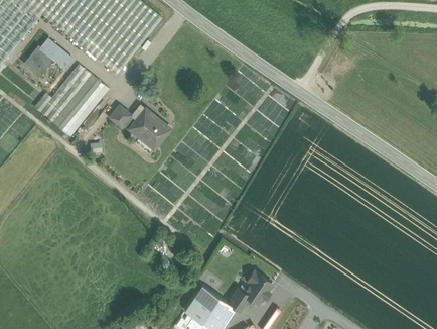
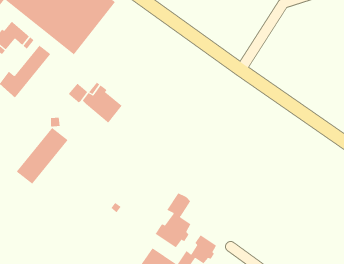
building: [51,74,109,136] -> [16,127,68,184]
building: none -> [155,192,191,248]

